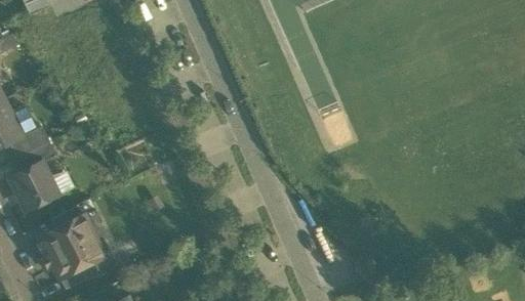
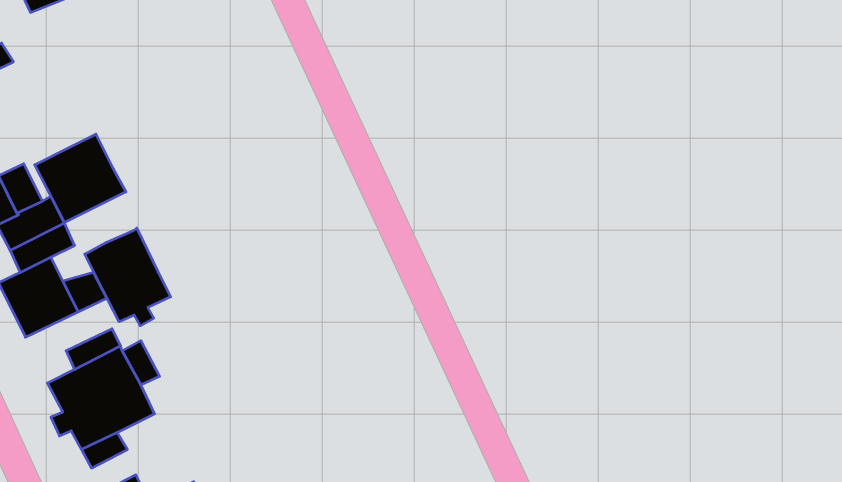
building: none -> [35,134,126,223]
building: none -> [85,228,171,326]

